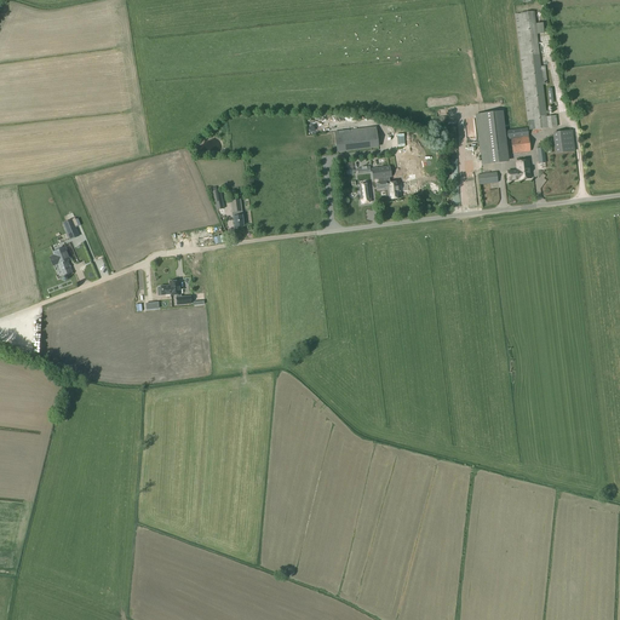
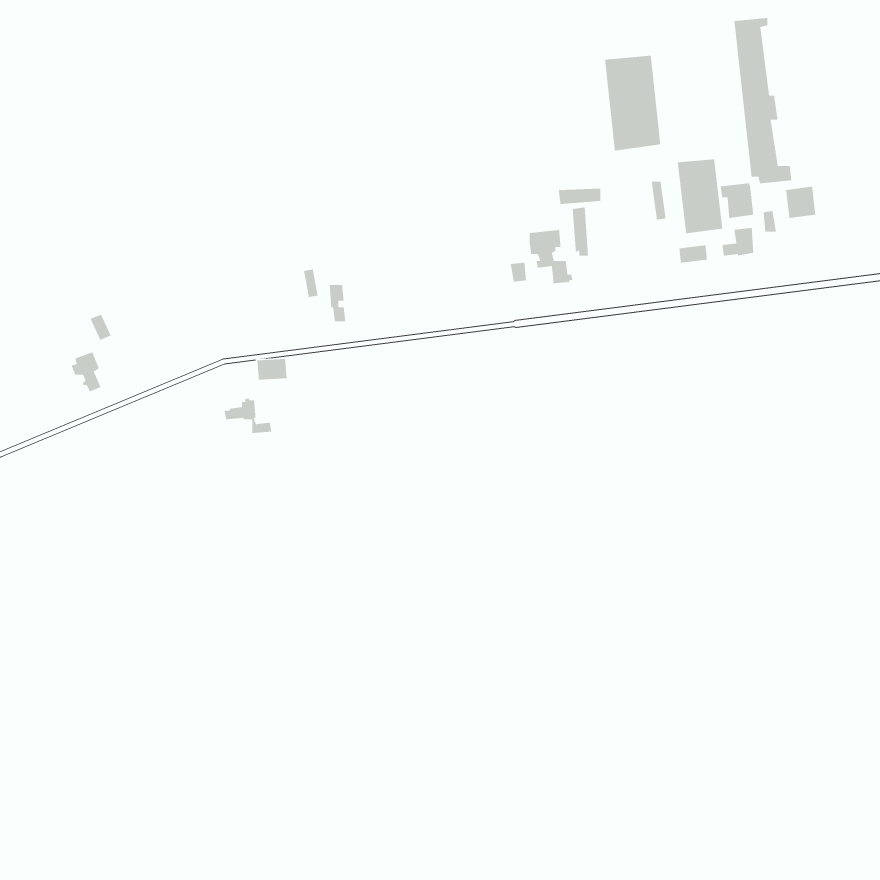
building: none -> [604,55,661,151]
building: [334,126,378,153] -> none

